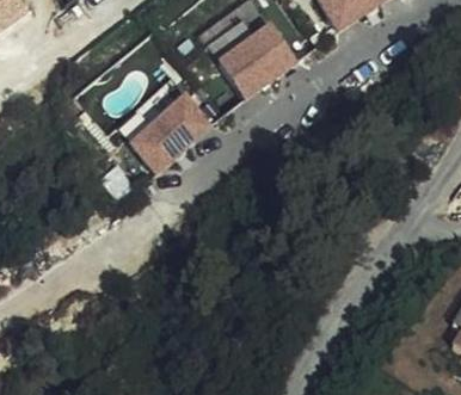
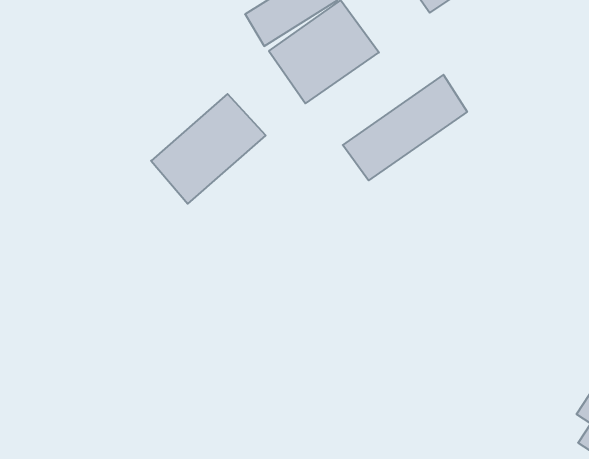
building: none -> [343,75,467,180]

